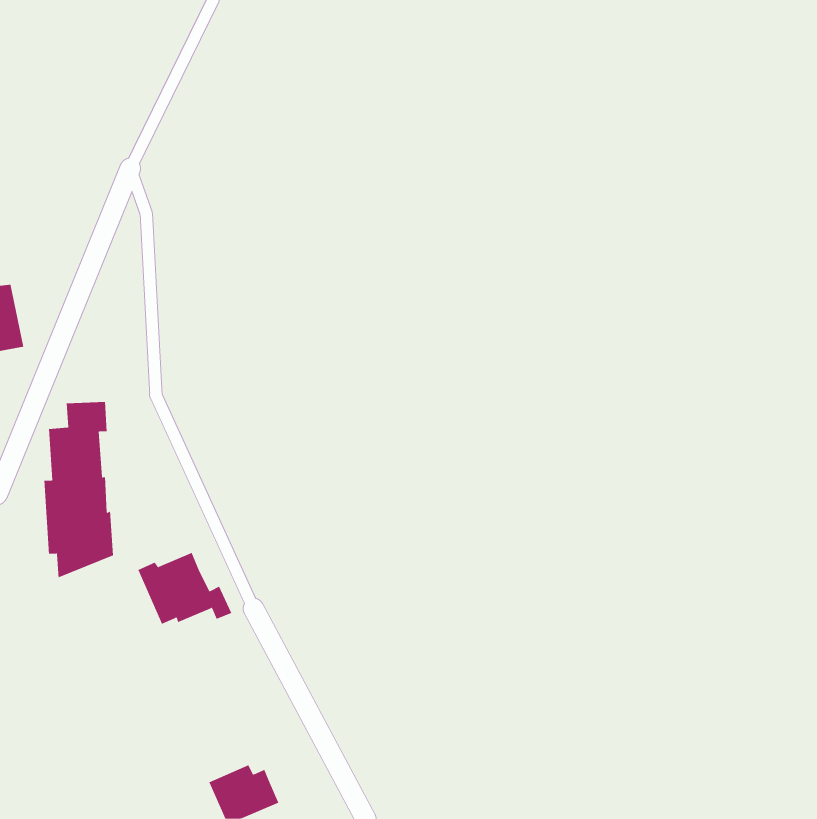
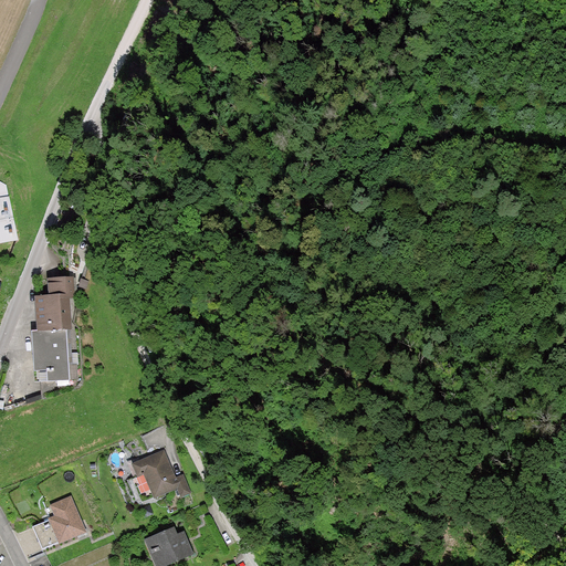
building: [138,552,232,624] -> [125,449,190,499]
building: none -> [32,495,84,549]

